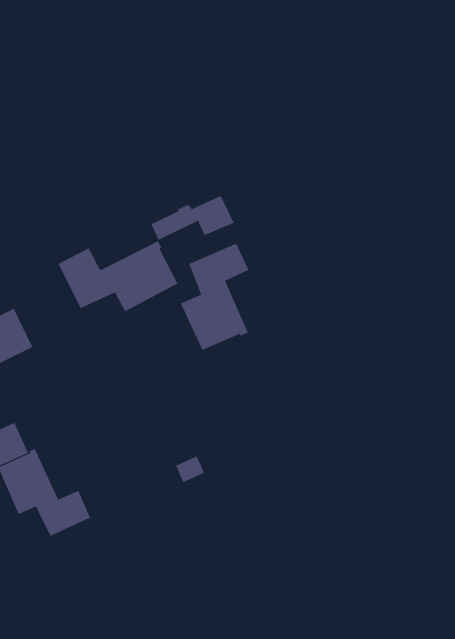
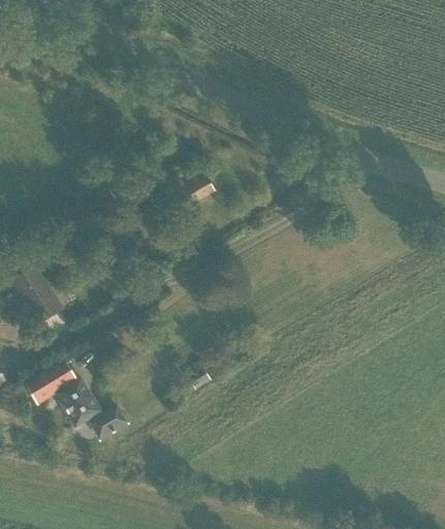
building: [58,240,178,312] -> none
building: [180,243,249,351] -> none

